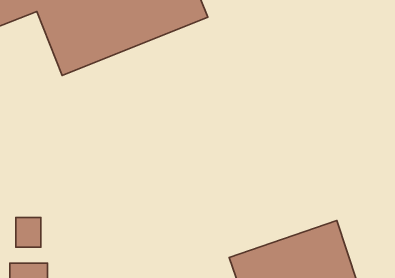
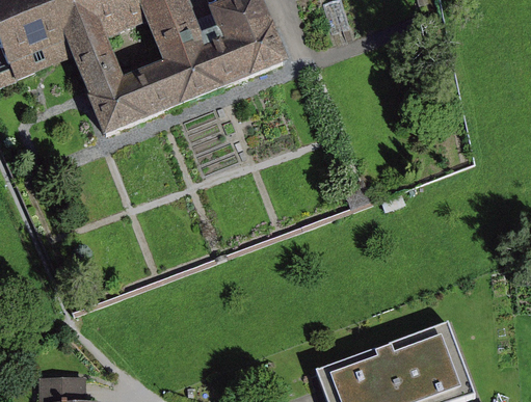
building: [16,217,41,247] -> none

